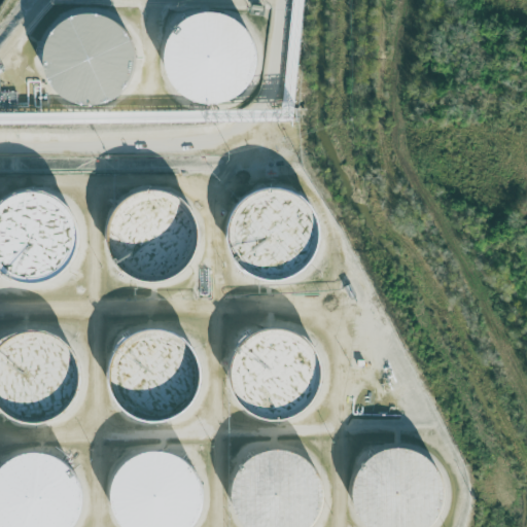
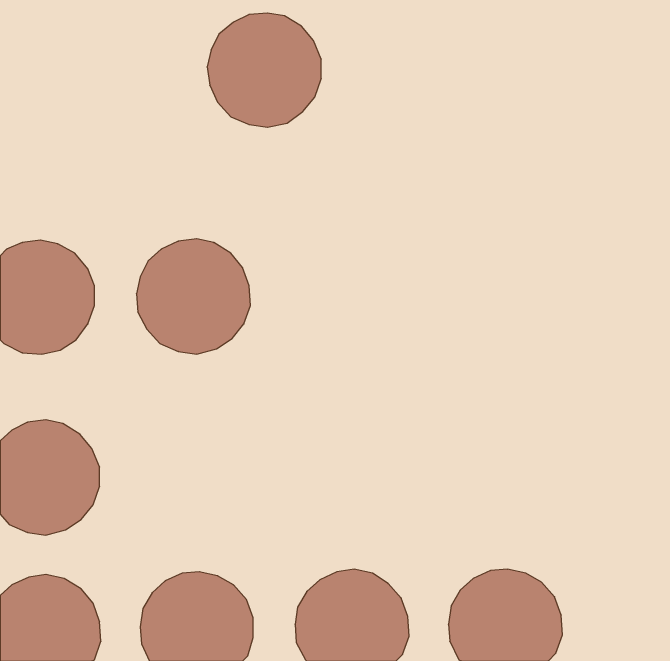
building: [44,12,134,103] -> none
building: [227,187,317,278] -> none
building: [227,325,317,416] -> none
building: [108,326,198,416] -> none

